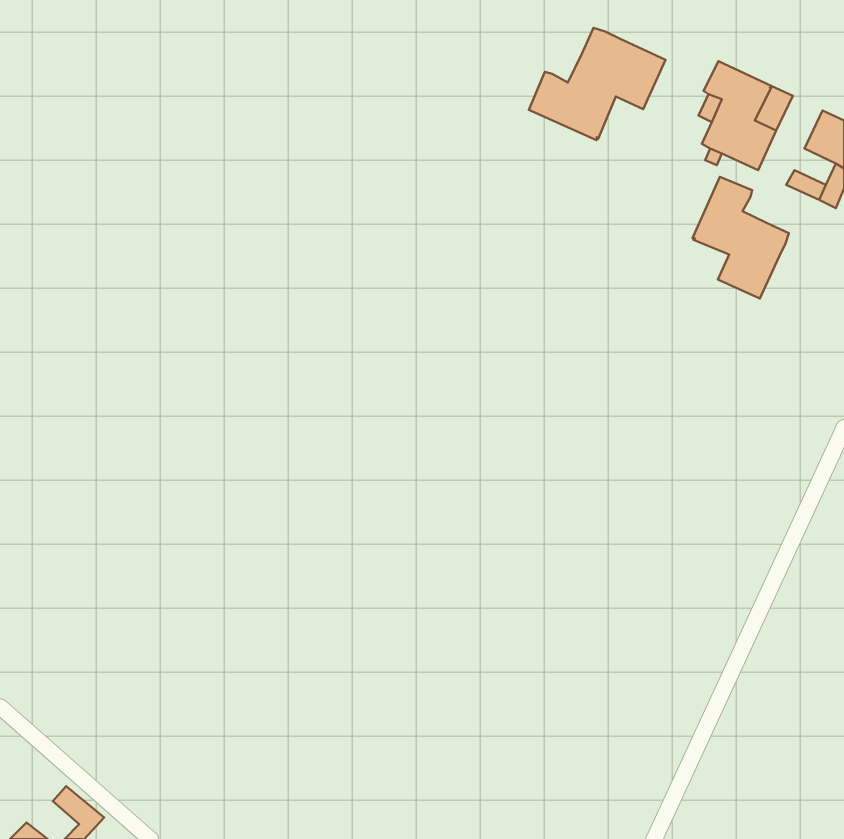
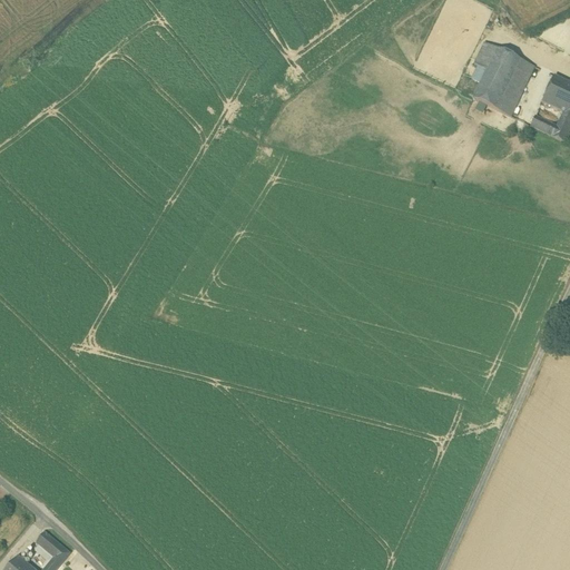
building: [529,28,666,140] -> none
building: [692,177,789,299] -> none

